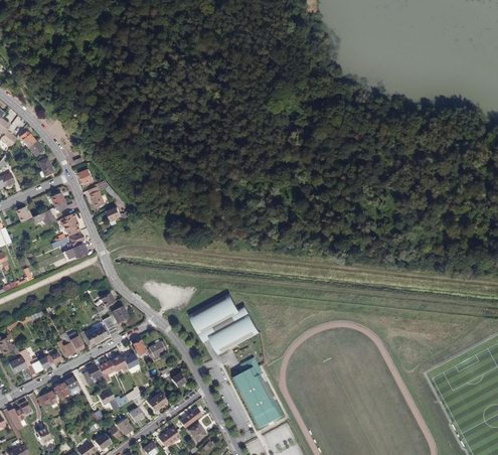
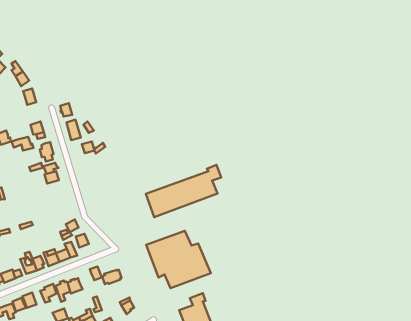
building: none -> [146,165,221,217]

